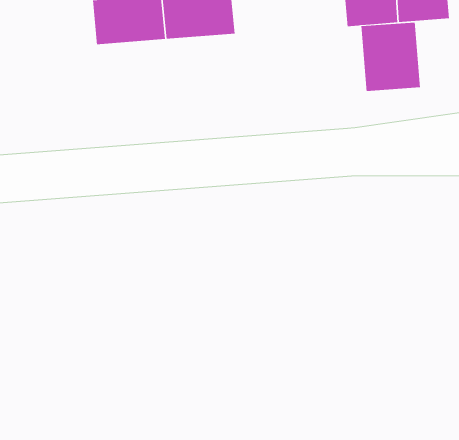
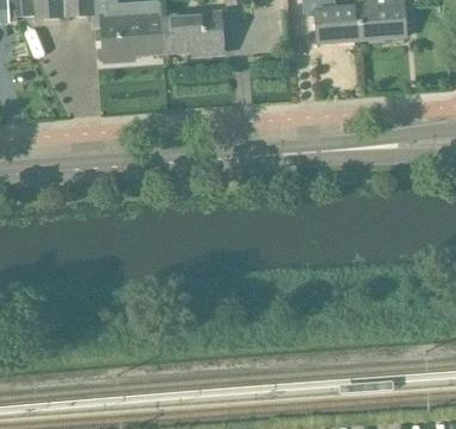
building: [361,22,420,92] -> none

